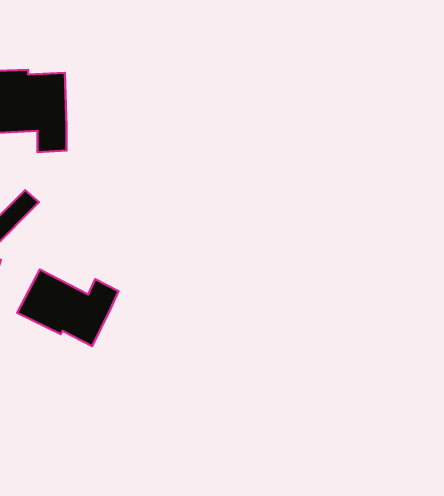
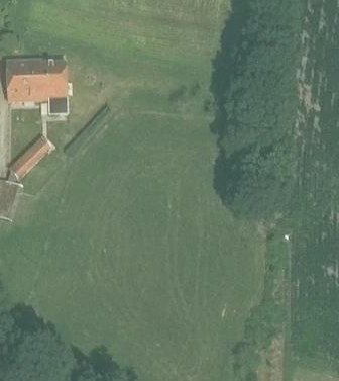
building: [17,269,118,346] -> none

